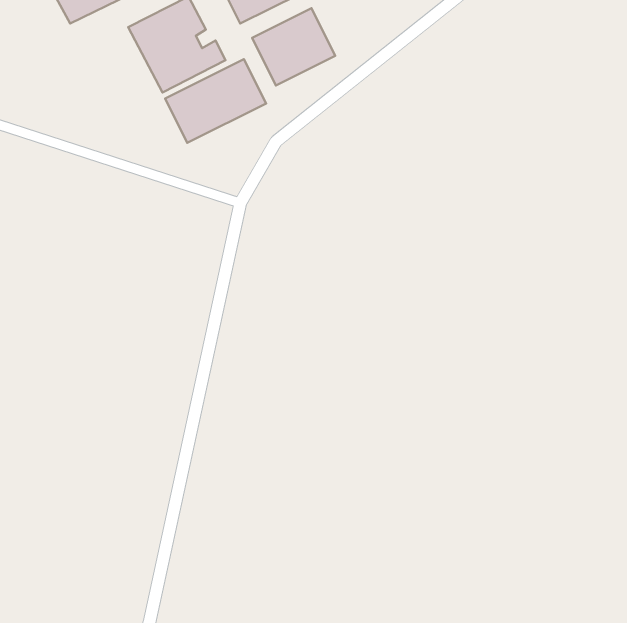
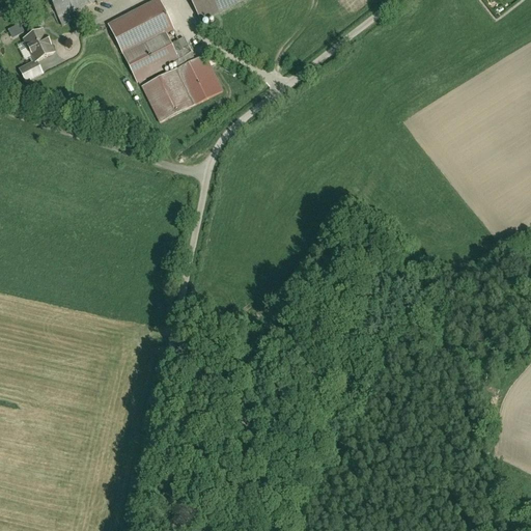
building: [252,8,335,86] -> none
building: none -> [16,27,56,78]

